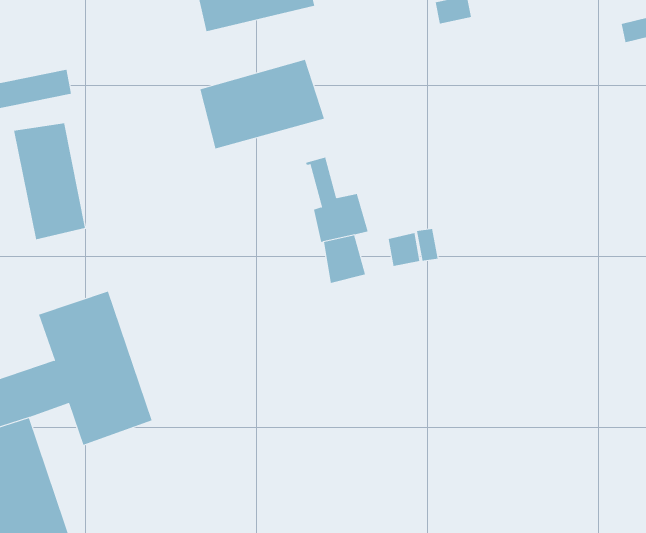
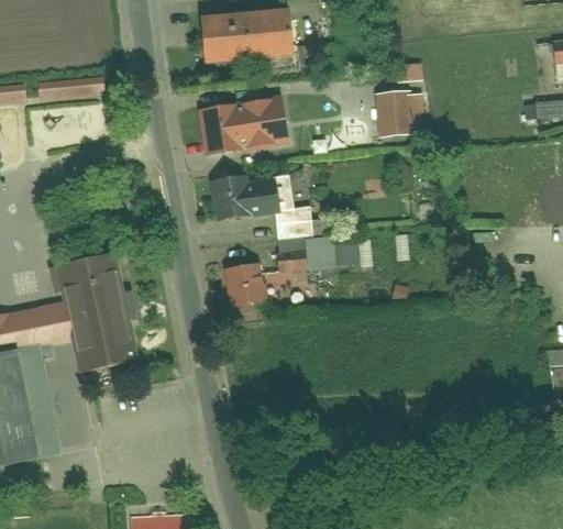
building: none -> [378,91,415,135]
building: [13,123,86,240] -> none
building: none -> [213,174,285,221]
building: none -> [228,263,269,306]

